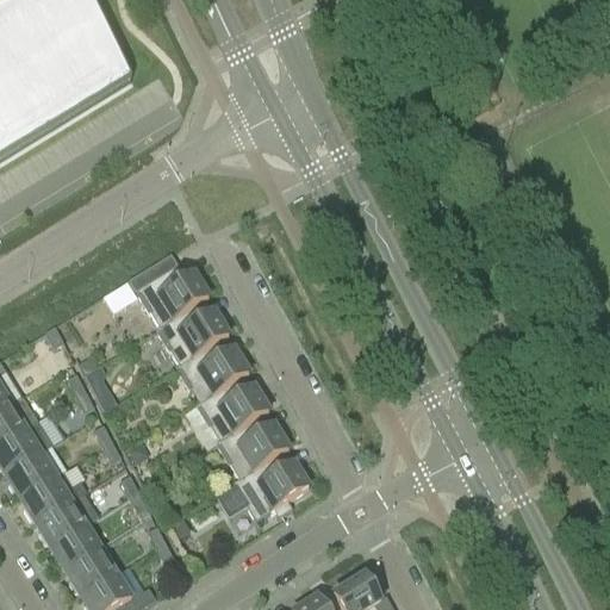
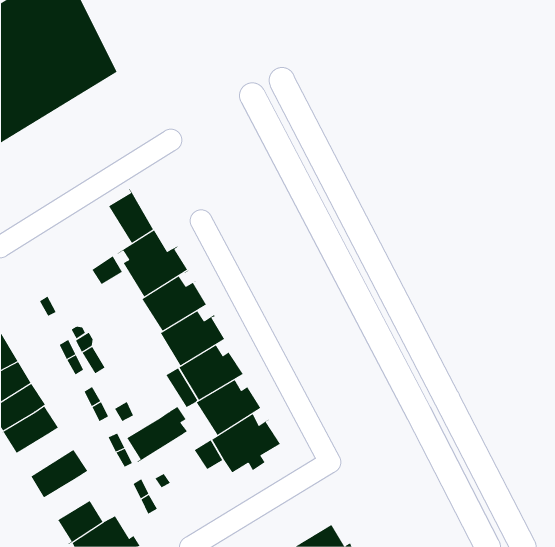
building: none -> [106,188,154,244]
building: [15,462,86,524] -> [123,406,188,463]
building: [45,524,100,572] -> none

